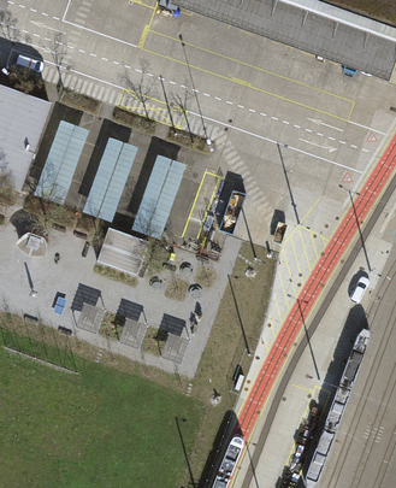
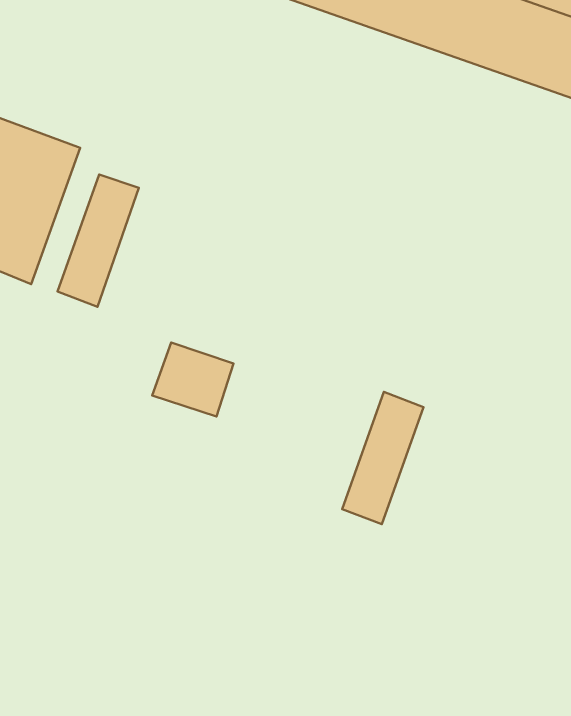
building: [85,135,137,219] -> none
building: [134,151,185,235] -> [342,392,423,524]

